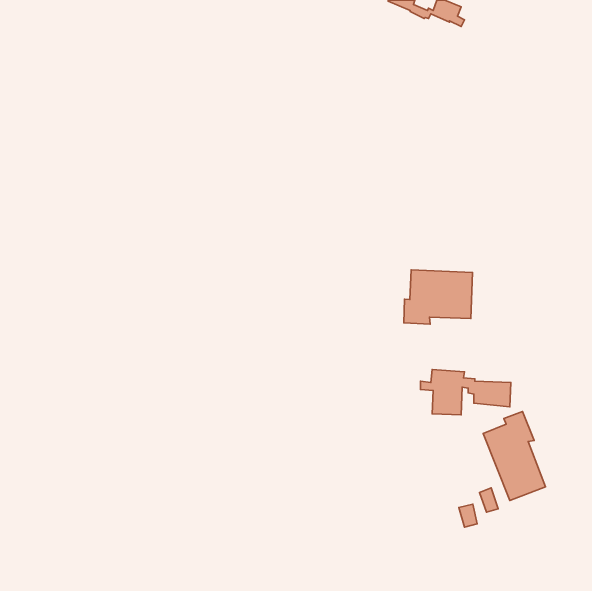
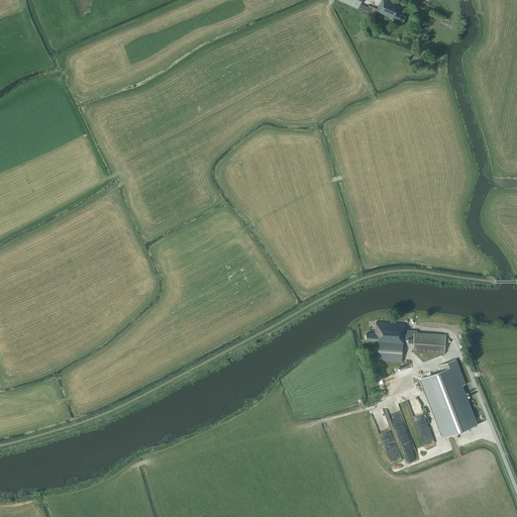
building: [404,270,473,324] -> none

